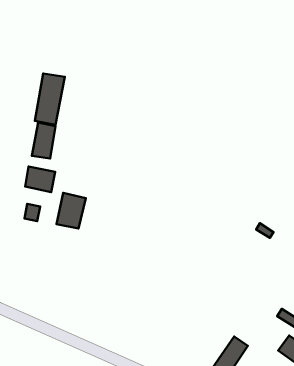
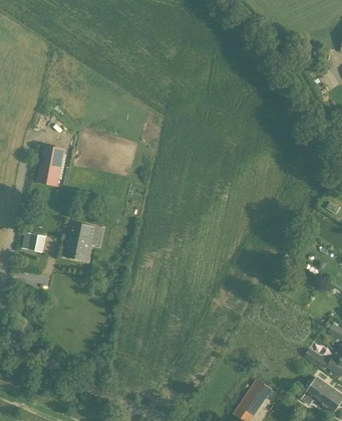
building: [35,73,65,125] -> none
building: [25,167,55,192] -> none

